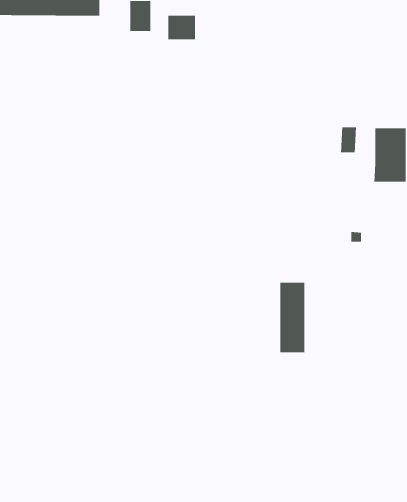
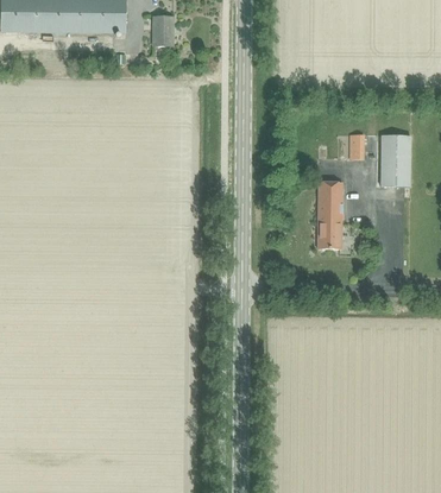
building: [168,15,196,40] -> none
building: [280,282,305,353] -> [317,182,341,248]

